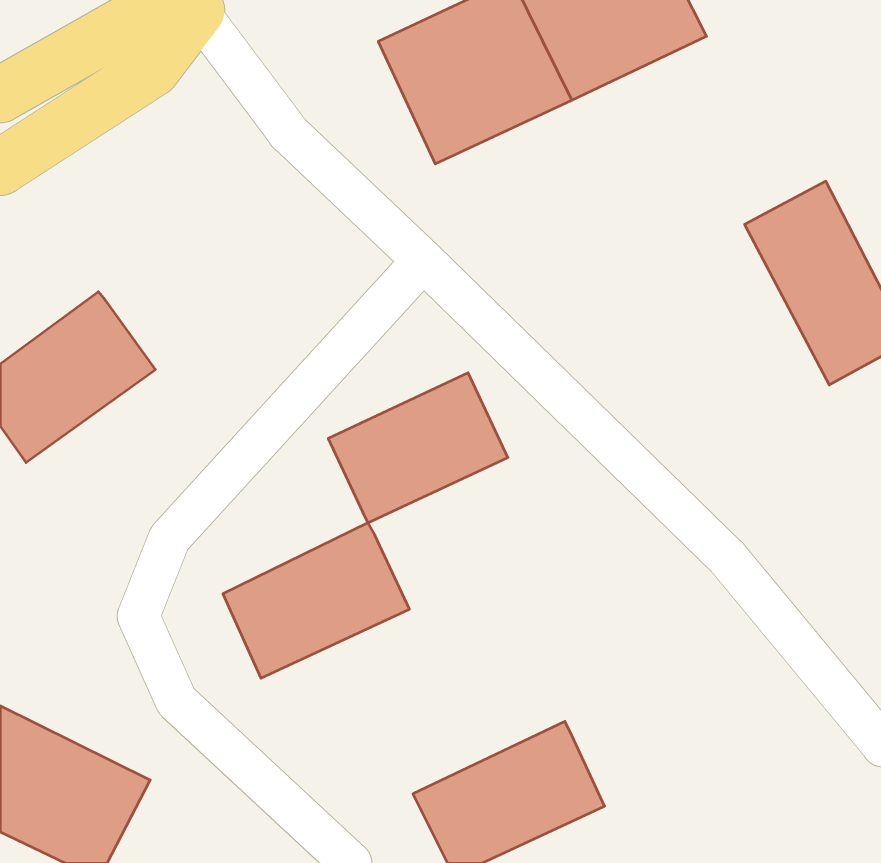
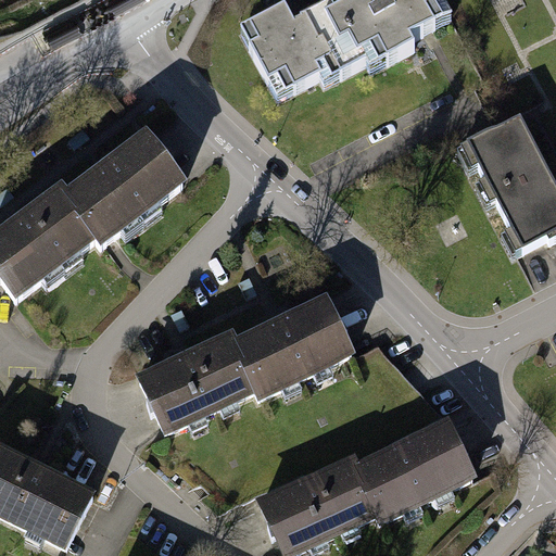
building: none -> [67,131,180,238]
building: [328,373,508,523] -> [237,295,350,390]
building: none -> [359,417,473,515]

